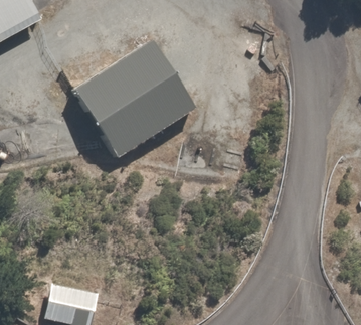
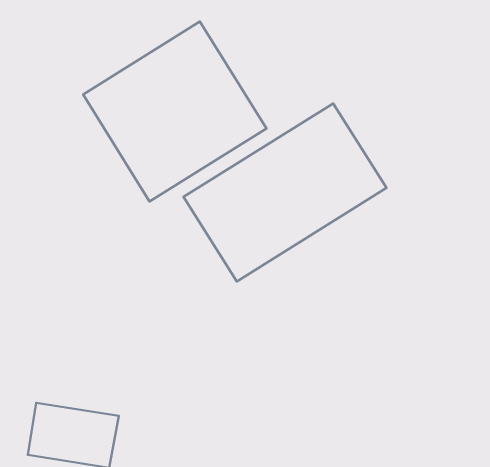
building: none -> [183,103,386,282]

